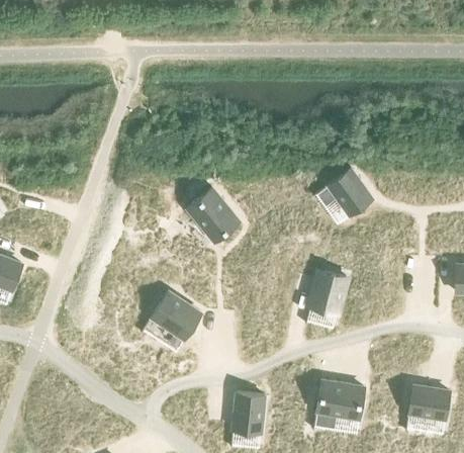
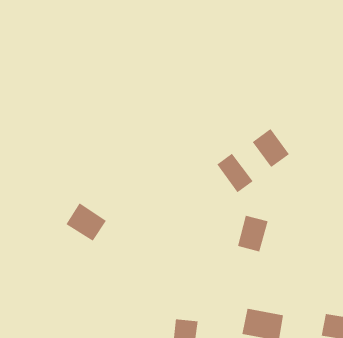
building: [186,189,239,243] -> none
building: none -> [217,153,253,193]
building: [152,294,200,340] -> [65,203,107,241]

